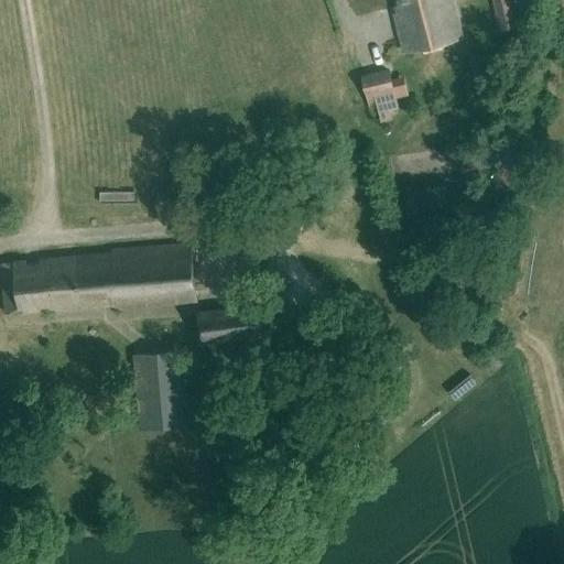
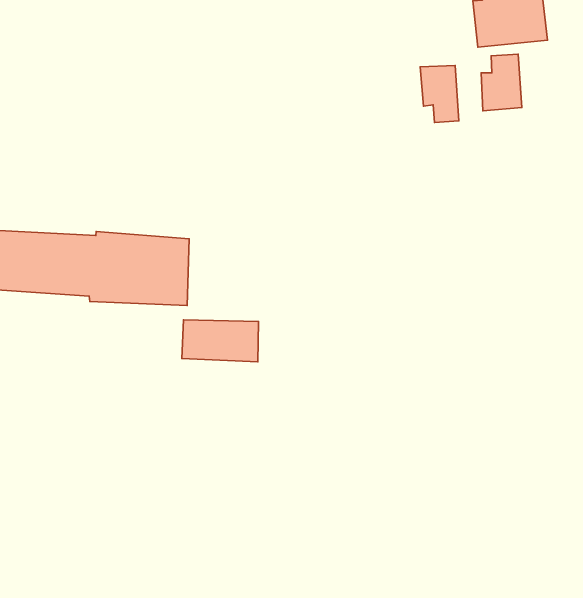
building: none -> [481,54,522,111]
building: [131,350,187,430] -> none

